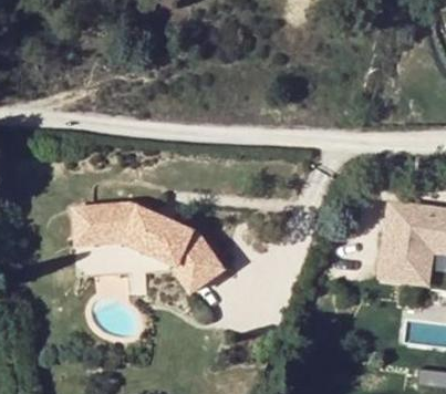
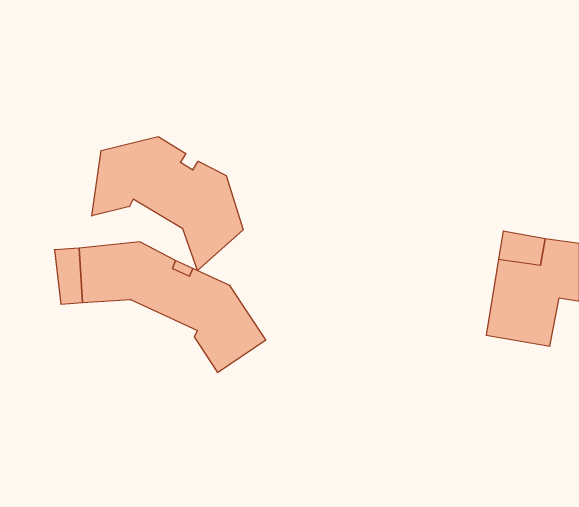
building: none -> [92,137,243,271]

